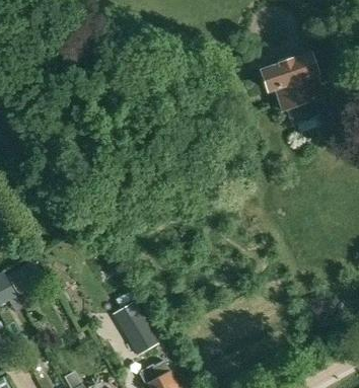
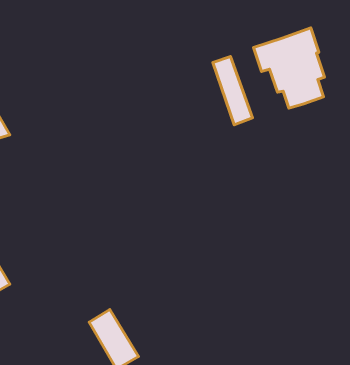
building: none -> [213,56,252,125]

